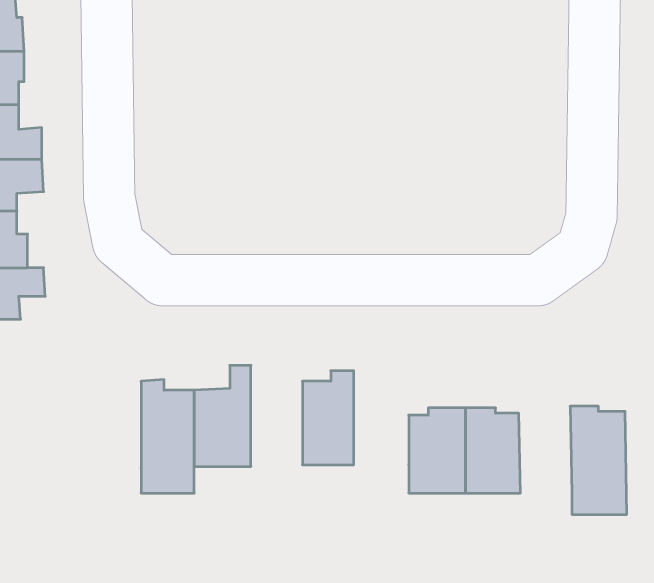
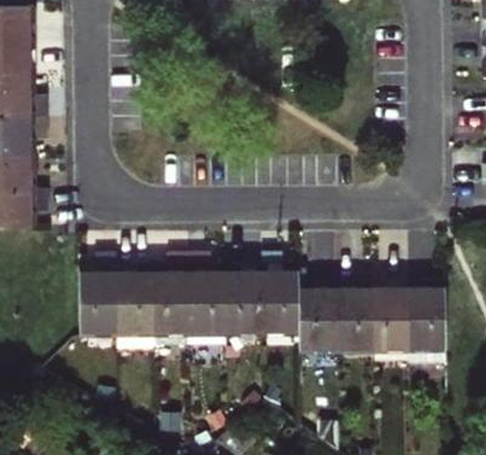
building: none -> [189,259,224,342]
building: none -> [258,259,297,328]
building: none -> [80,261,115,331]
building: none -> [371,288,408,348]

